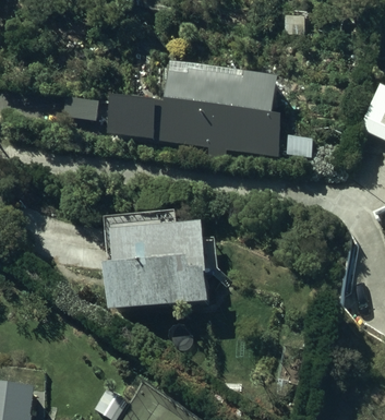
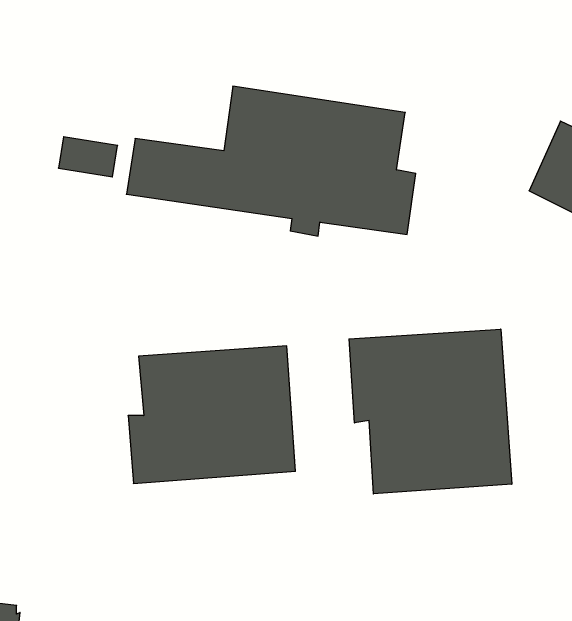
building: none -> [349,329,512,494]

